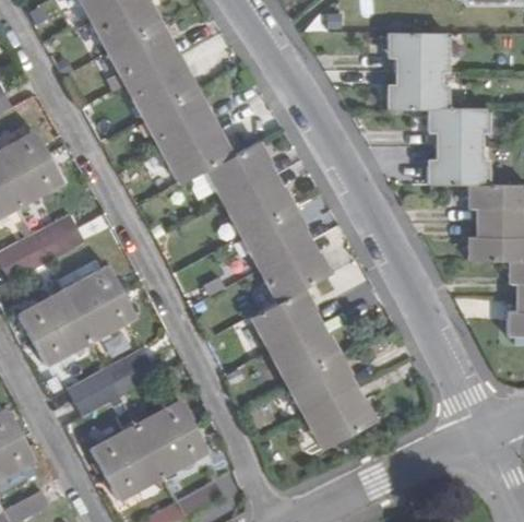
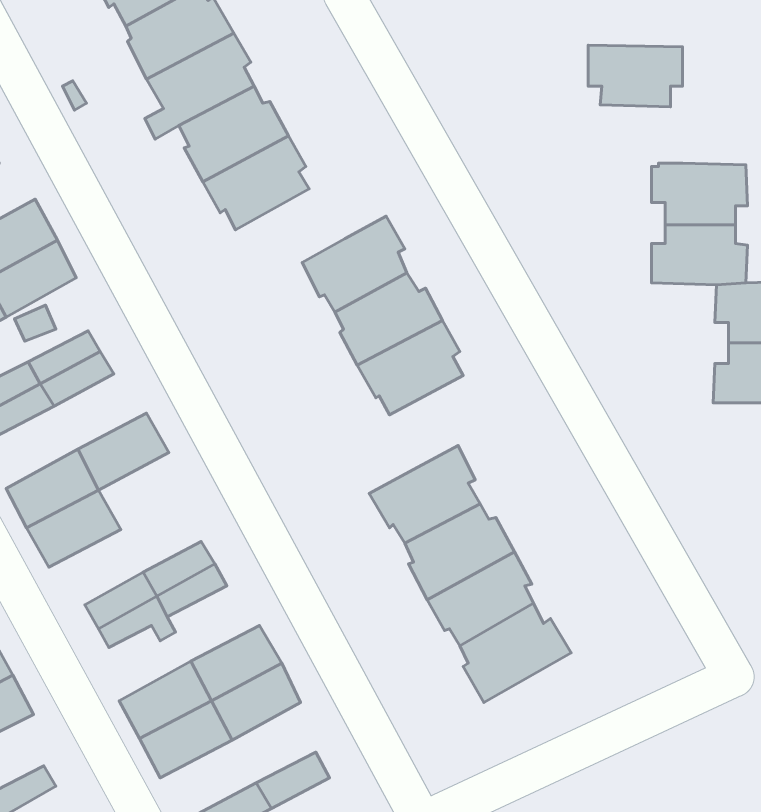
building: [389,70,449,109] -> none
building: [164,123,234,186] -> none
building: [262,242,332,302] -> none
building: [76,292,134,341] -> none

